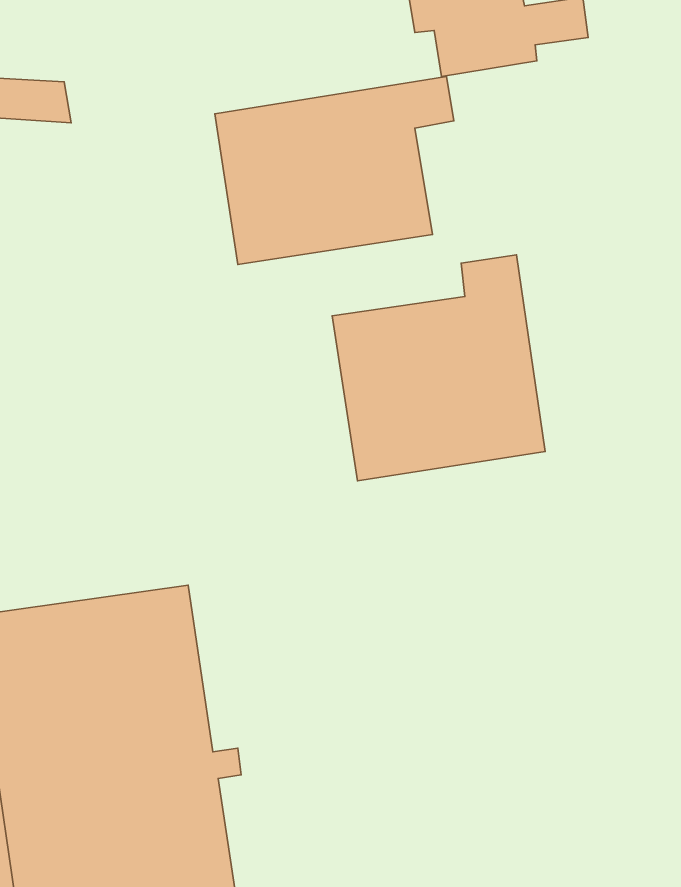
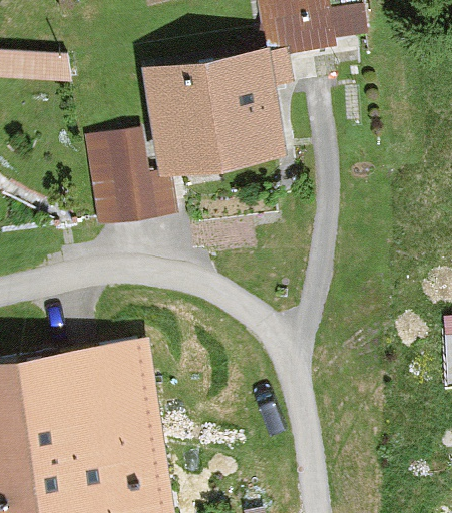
building: none -> [89,131,174,216]
building: [332,255,545,481] -> none

